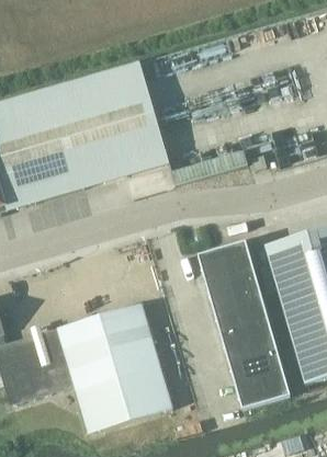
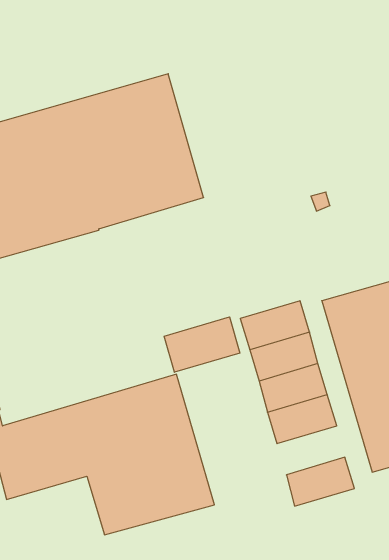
building: none -> [164,317,240,372]
building: [227,344,282,384] -> none

